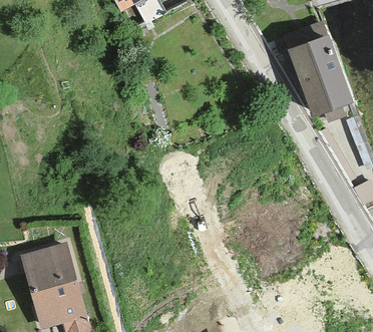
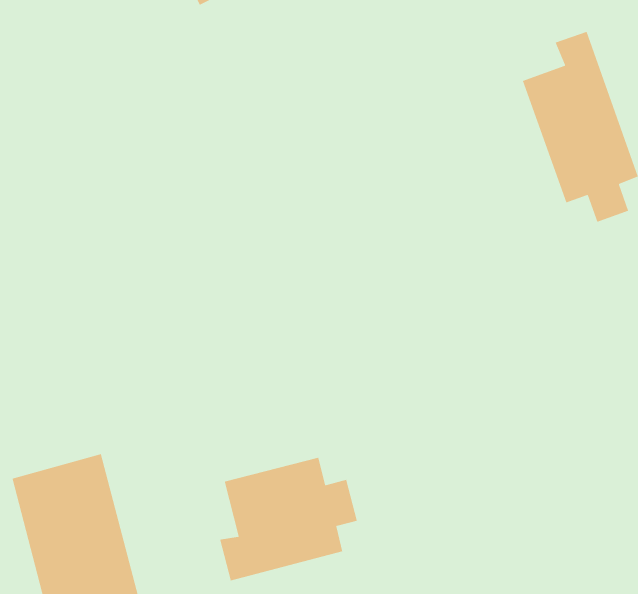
building: none -> [219,457,358,581]

